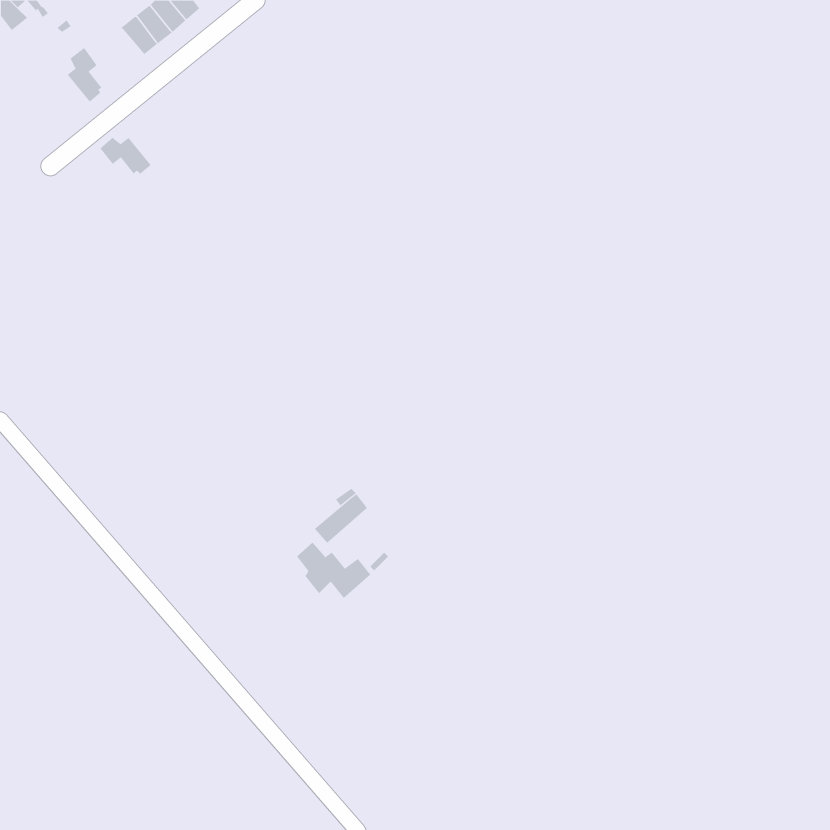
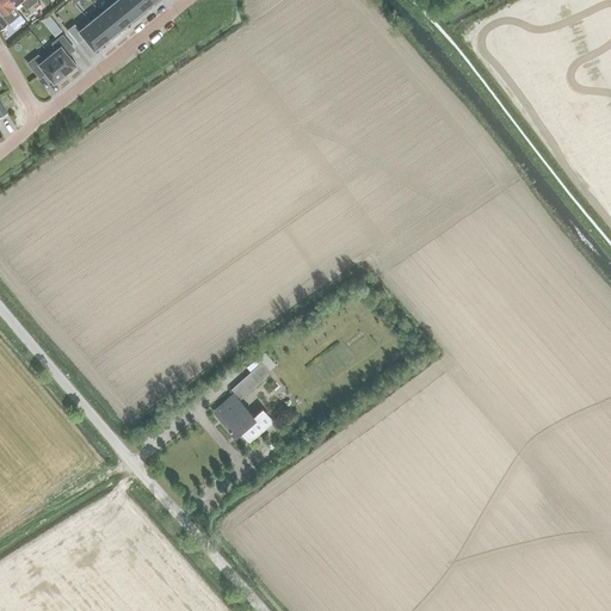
building: none -> [68,21,106,51]
building: [99,137,151,175] -> [29,56,67,84]

